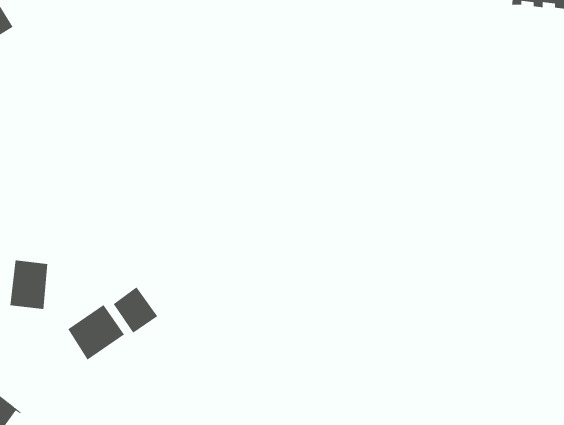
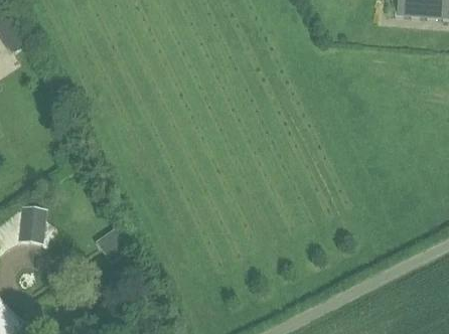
building: [68,304,125,360] -> none

